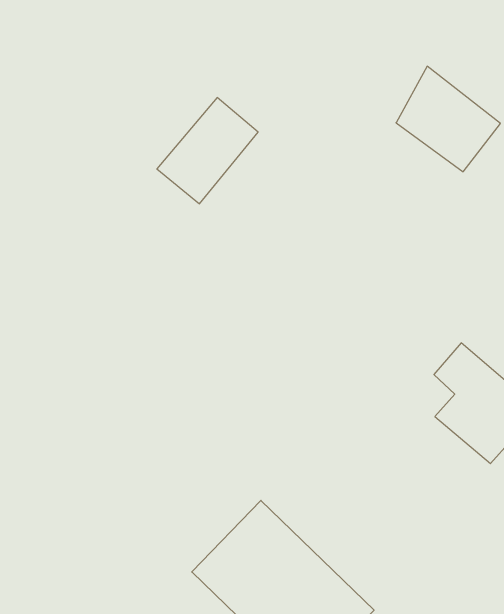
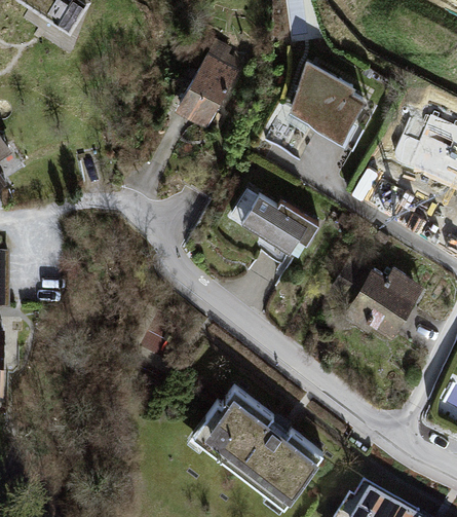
building: [157,98,258,204] -> [175,57,240,132]
building: none -> [231,184,318,259]

